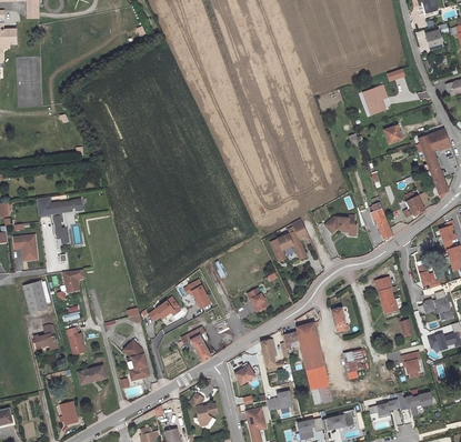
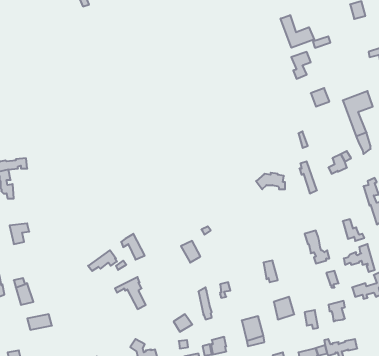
building: none -> [281,15,314,48]
building: [271,219,308,261] -> none
building: [299,324,328,374] -> none
building: [126,340,151,378] -> none

